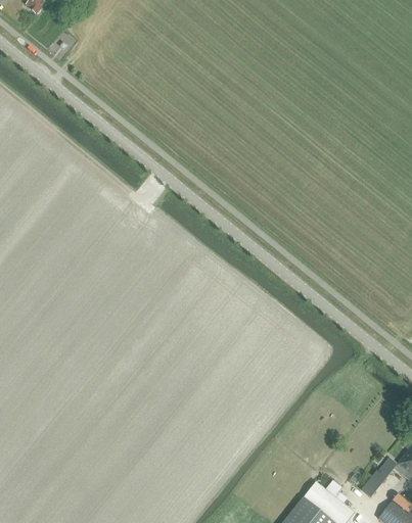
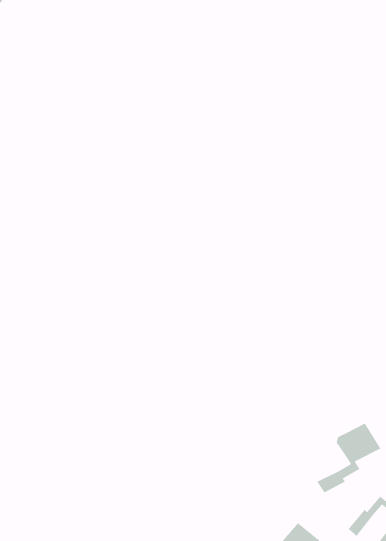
building: none -> [316,423,381,493]

